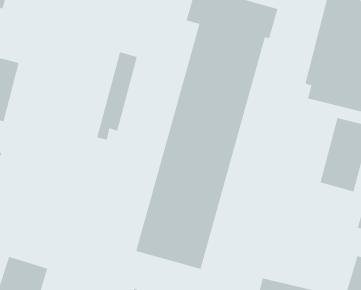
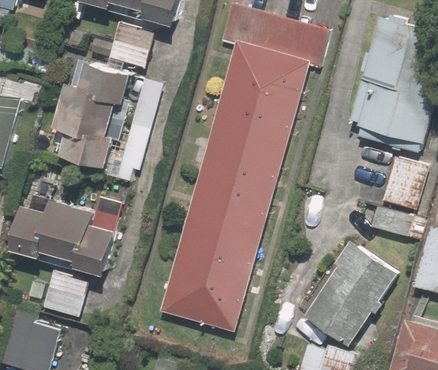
building: none -> [62,27,150,167]
building: none -> [7,179,126,320]
building: none -> [301,237,401,346]

